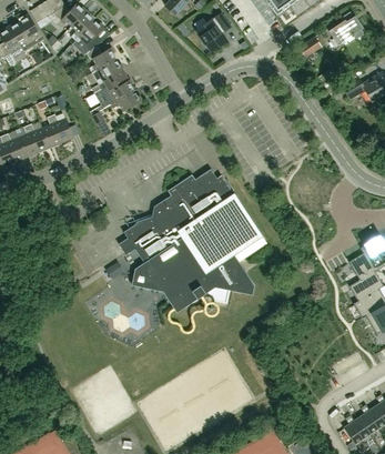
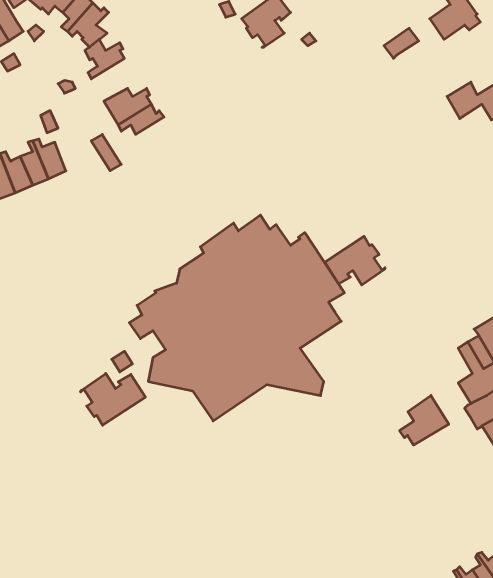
building: [91,58,123,88] -> none
building: none -> [325,236,385,285]
building: none -> [81,373,145,425]
building: none -> [400,395,449,445]

